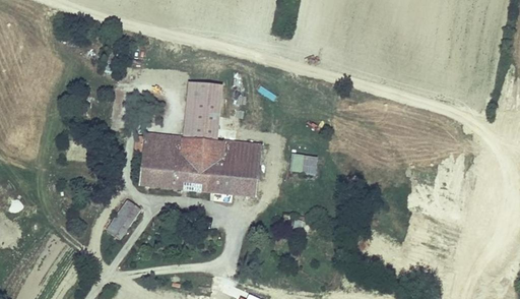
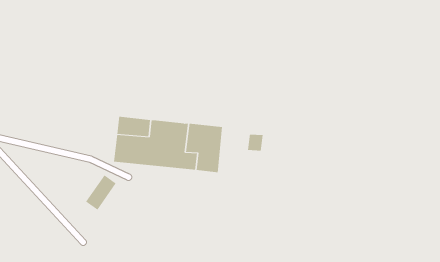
building: [183,78,223,140] -> none

